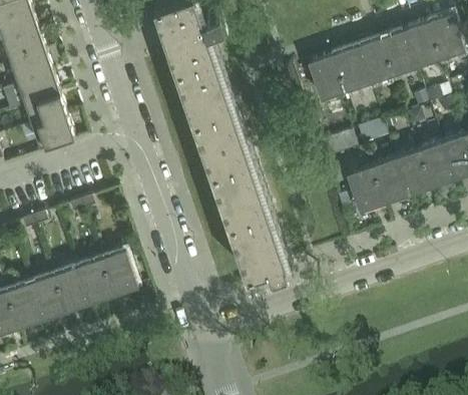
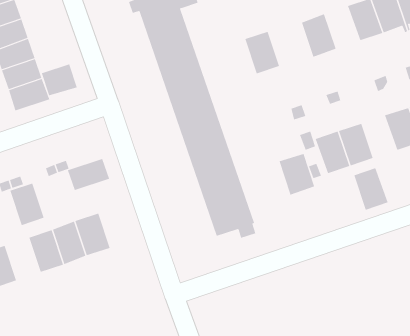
building: [355,39,391,83] -> none
building: [307,56,343,100] -> [245,31,280,74]
building: none -> [41,64,78,96]
building: [393,151,429,195] -> [353,167,389,210]
building: none -> [279,153,315,195]
building: none -> [67,158,110,191]
building: [27,277,63,321] -> [9,183,45,226]

